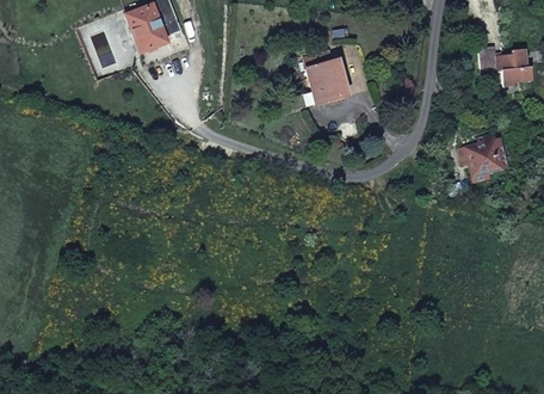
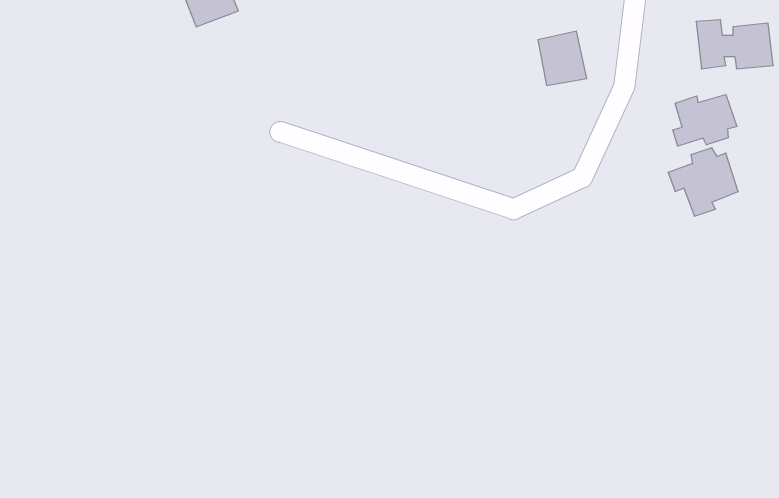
building: [311,64,345,101] -> [538,31,587,85]
building: none -> [673,95,737,146]

